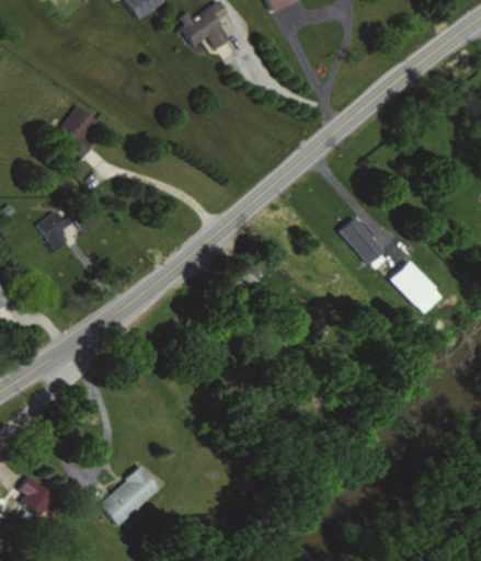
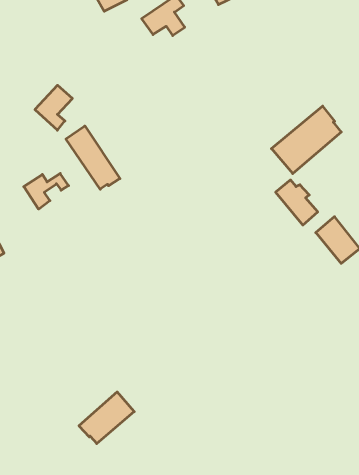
building: none -> [271,106,341,174]
building: none -> [66,126,120,189]
building: [22,472,60,513] -> none

